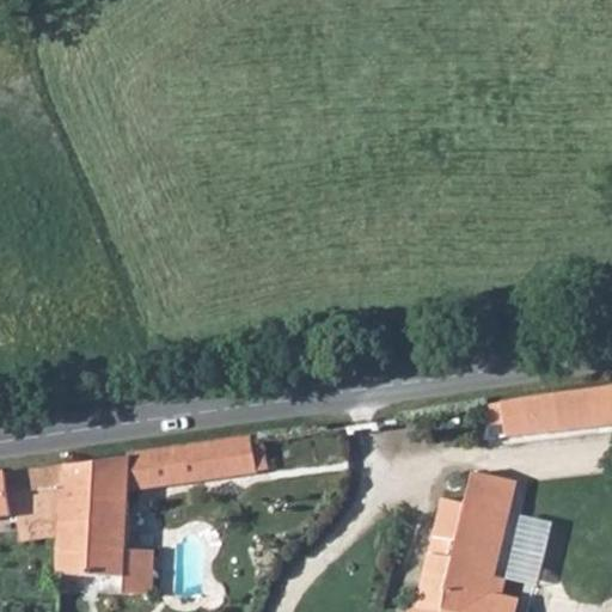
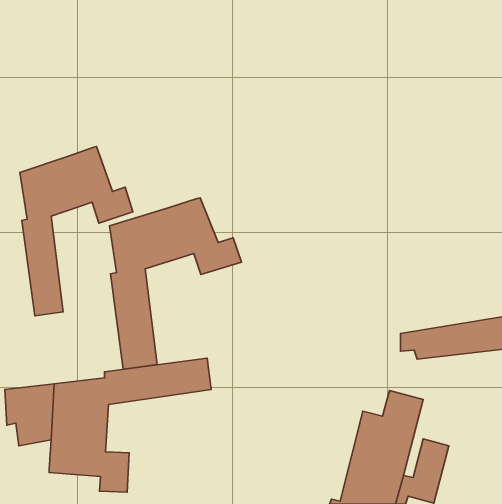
building: none -> [20,147,133,316]
building: none -> [109,198,241,369]

